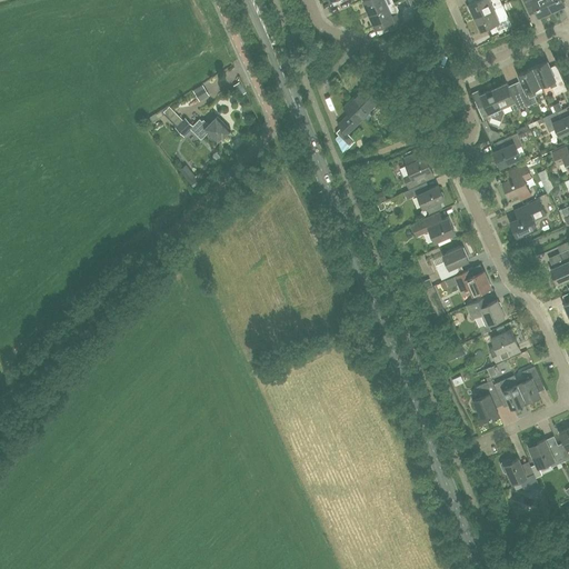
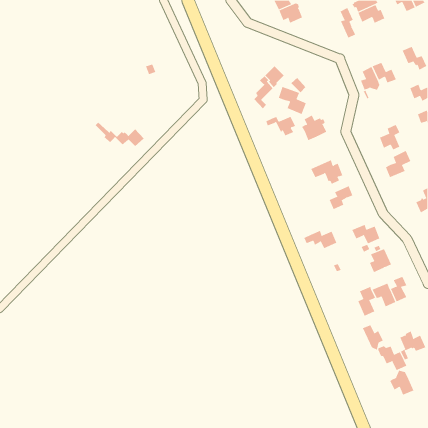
building: none -> [340,7,356,39]
building: [518,68,540,107] -> none
building: [163,108,229,141] -> [95,122,144,147]
building: none -> [278,86,307,115]
building: [493,126,528,167] -> none
building: [403,186,443,212] -> [266,116,296,136]
building: [446,270,490,295] -> [304,230,337,249]
building: none -> [362,324,384,351]
building: none -> [389,370,414,395]

